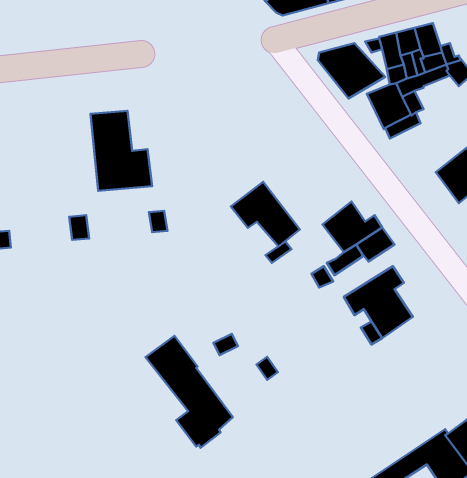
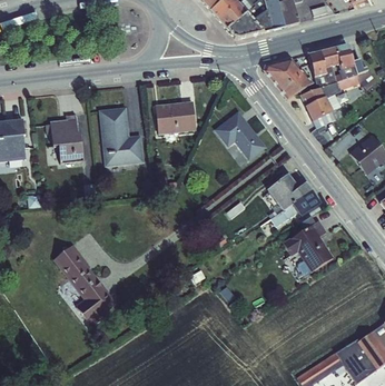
building: none -> [155,101,196,135]
building: none -> [50,115,82,161]
building: [231,182,300,246] -> [215,112,265,159]
building: [145,336,233,448] -> [52,245,116,326]

